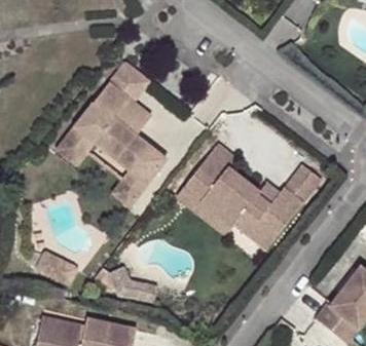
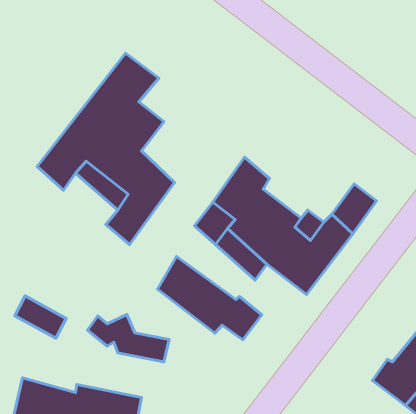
building: none -> [157,257,262,340]

